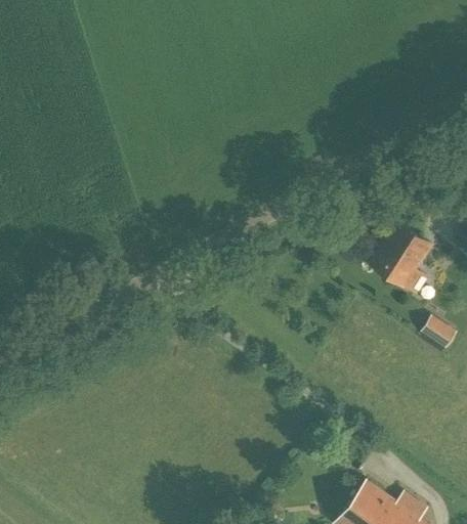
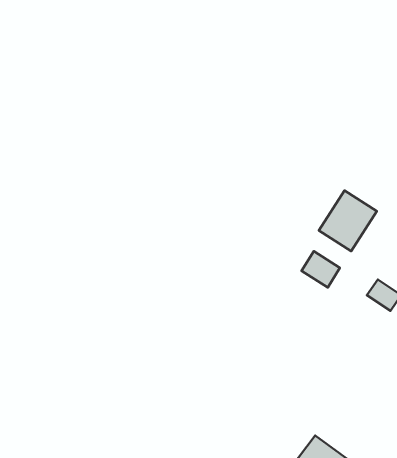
building: none -> [302,251,340,287]

